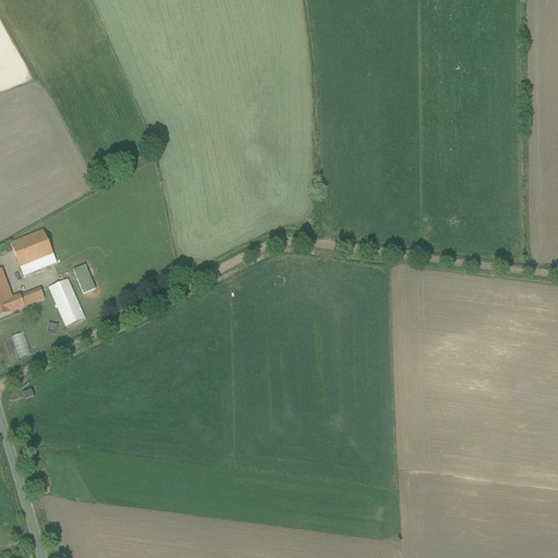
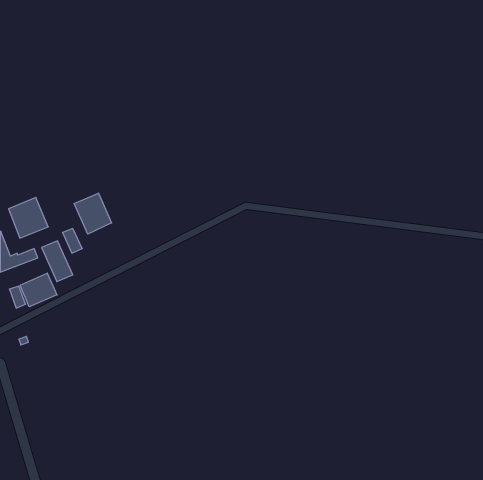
building: none -> [74,193,112,234]
building: none -> [20,273,57,307]

